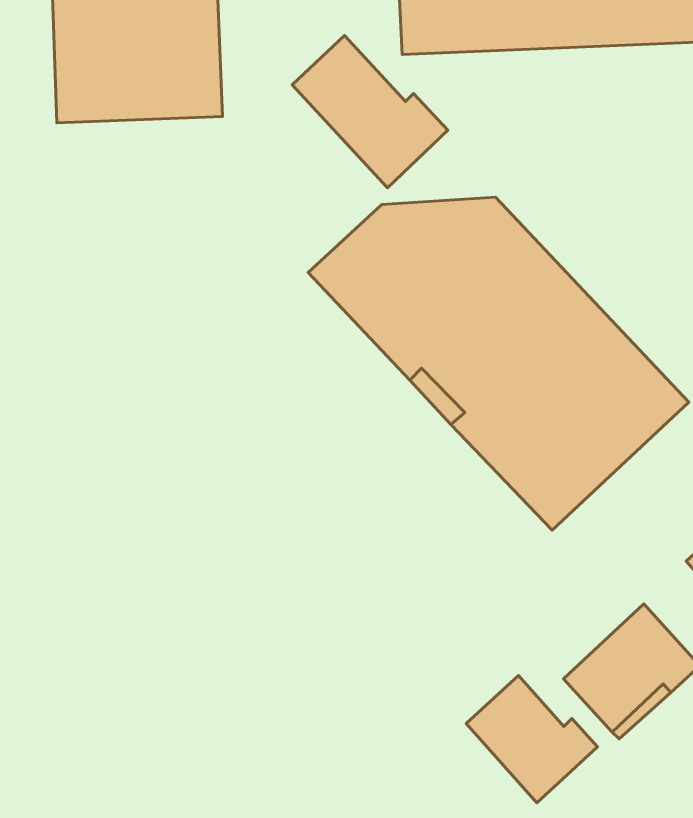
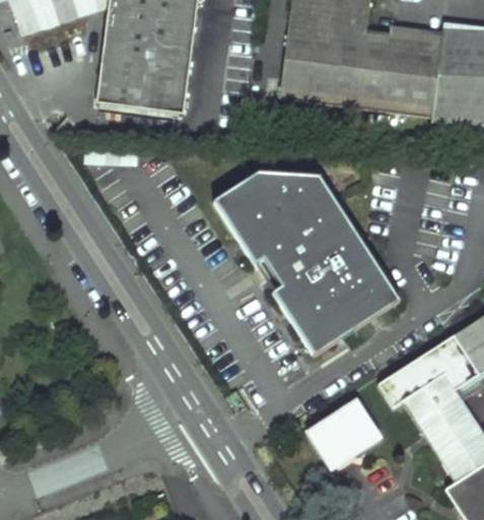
building: [292,36,448,188] -> none
building: [466,675,598,803] -> none

